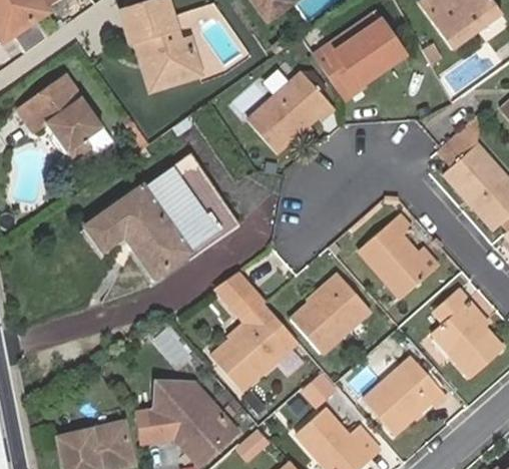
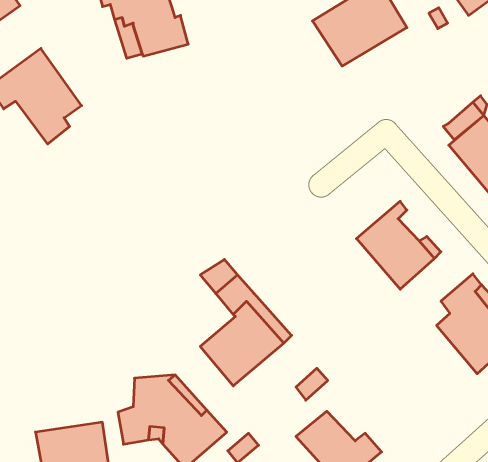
building: [253,78,333,155] -> none
building: [89,152,226,277] -> none
building: [286,280,358,354] -> none
building: [365,361,440,432] -> none

